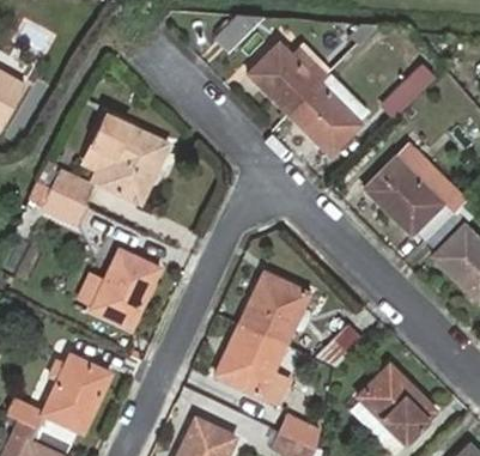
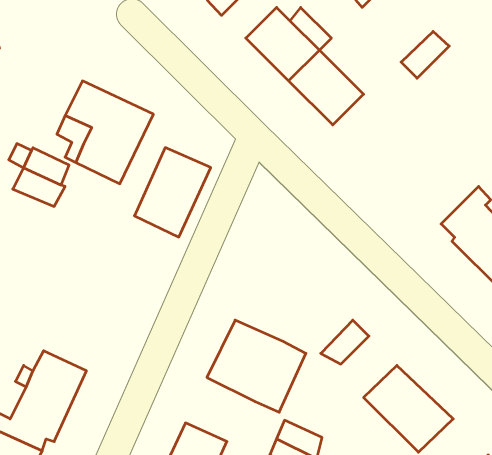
building: [366,146,463,238] -> none
building: [90,247,158,327] -> [134,148,211,237]
building: [242,269,309,343] -> none

